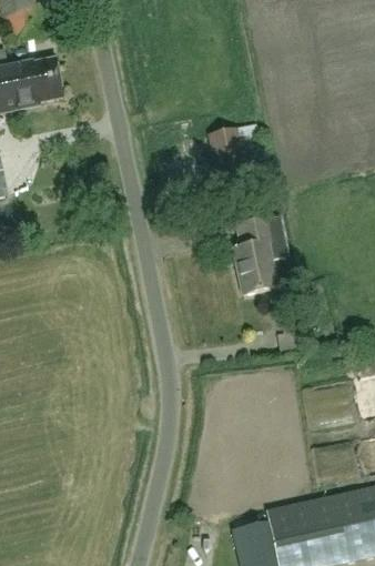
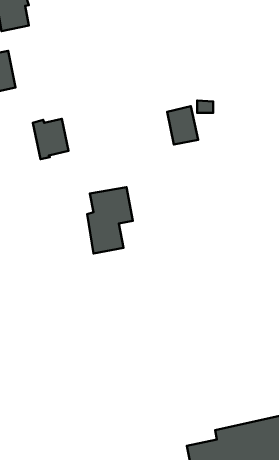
building: [20,57,62,104] -> [33,119,68,159]
building: [233,214,287,293] -> [87,187,133,253]

